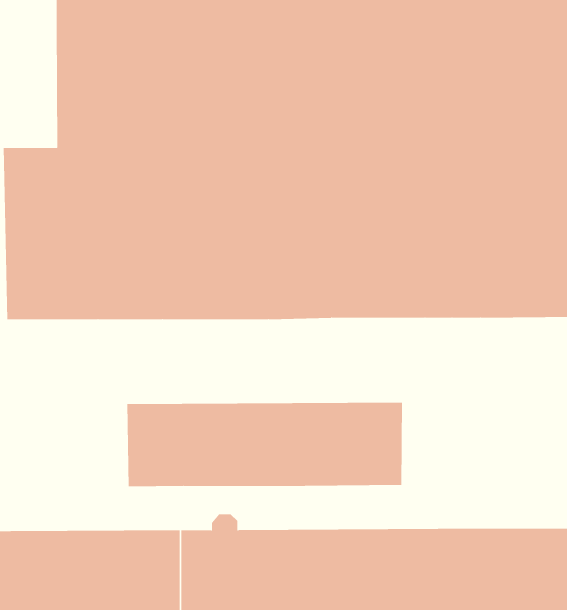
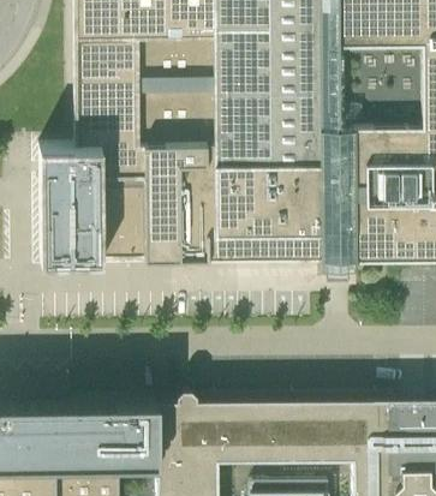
building: [127,402,402,487] -> none

